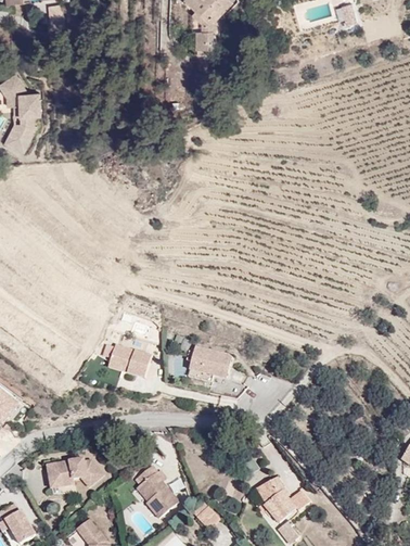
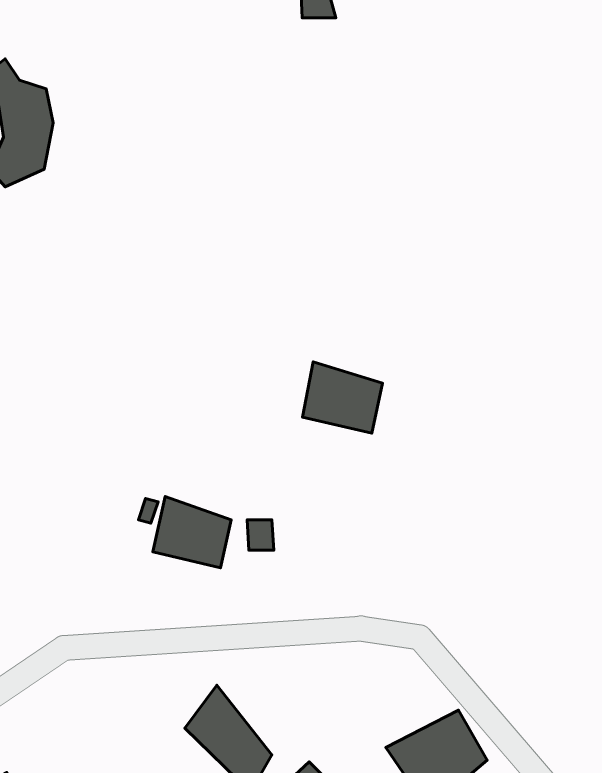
building: [185,340,234,383] -> [303,362,383,433]
building: [48,455,94,485] -> none

